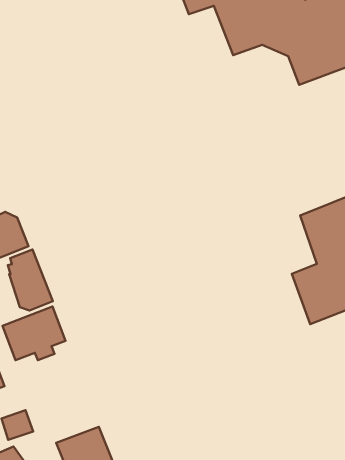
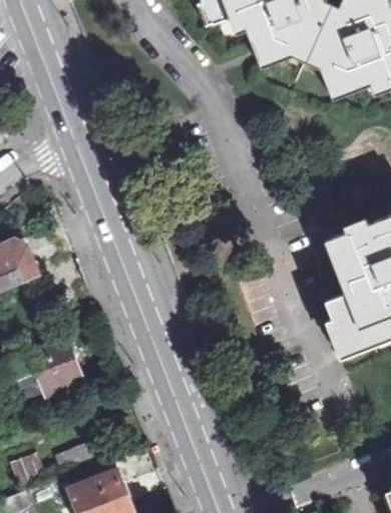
building: [8,250,53,311] -> none

